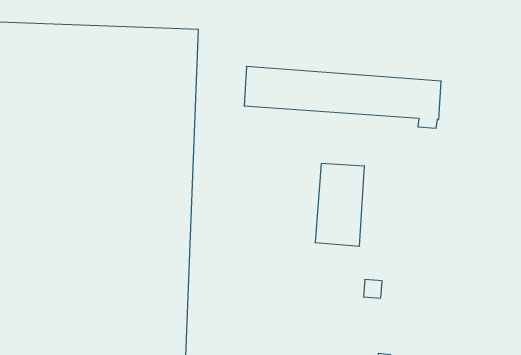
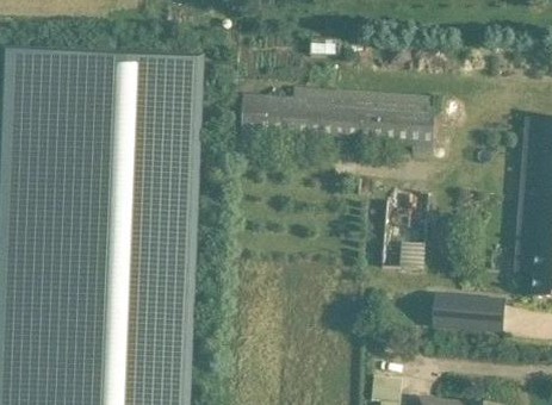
building: [315,164,364,246] -> [382,191,429,270]
building: none -> [432,292,504,329]

